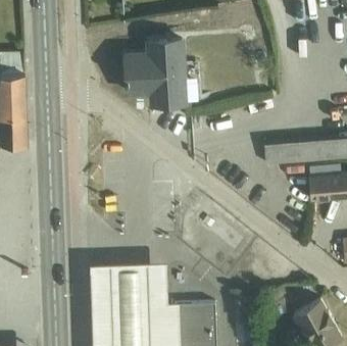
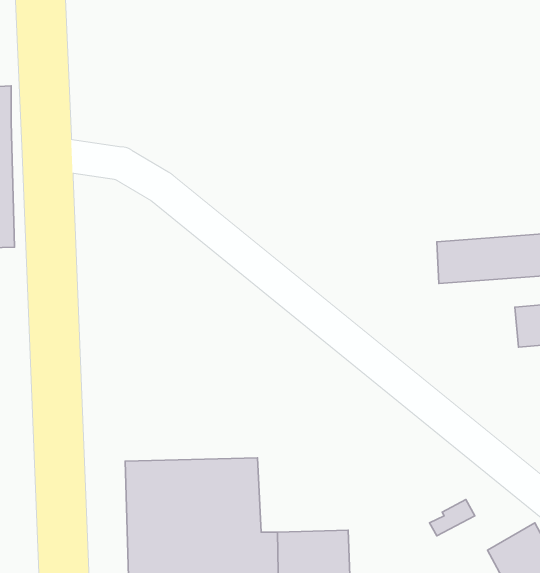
building: [126,41,197,104] -> none

